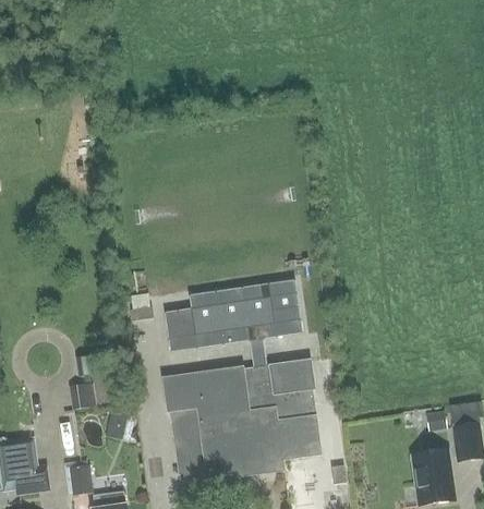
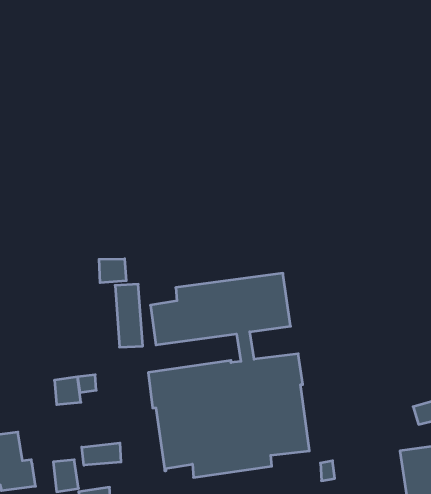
building: none -> [99,259,126,283]
building: none -> [82,443,121,465]

